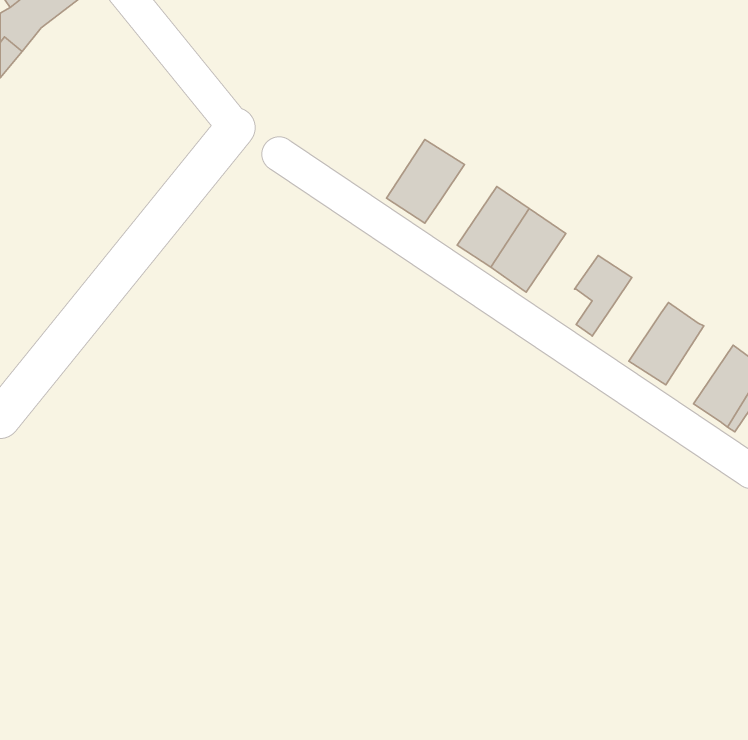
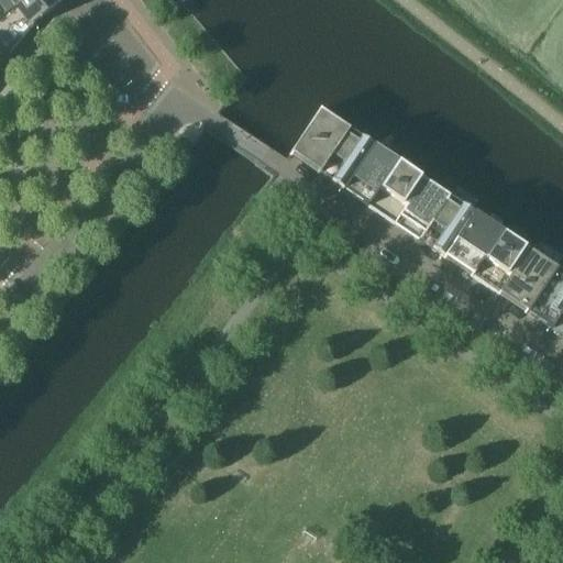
building: none -> [332,123,374,184]
building: none -> [396,175,450,235]
building: none -> [445,208,503,271]
building: none -> [500,244,551,302]

